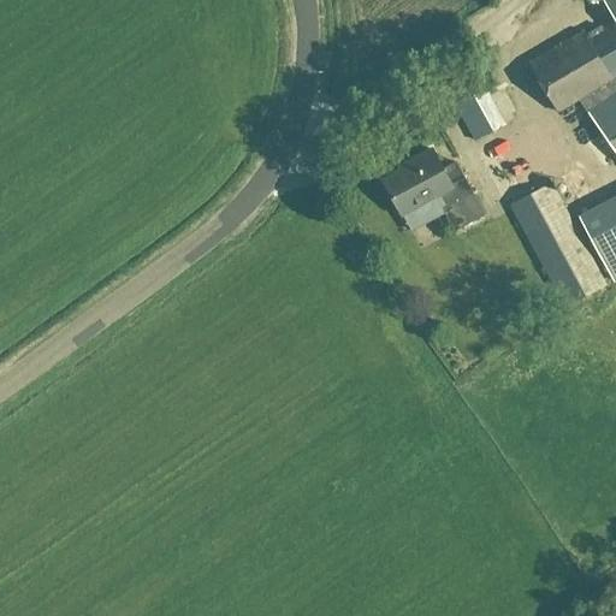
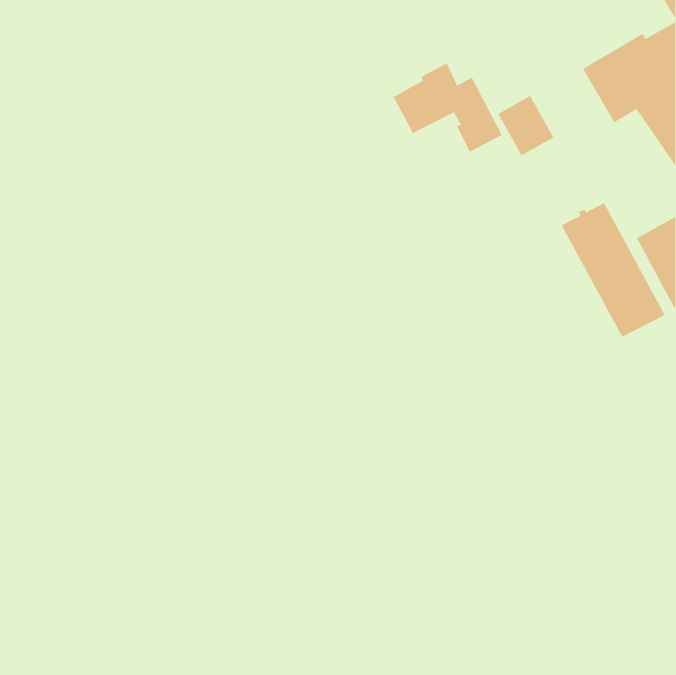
building: [384,149,484,231] -> [393,62,503,152]

